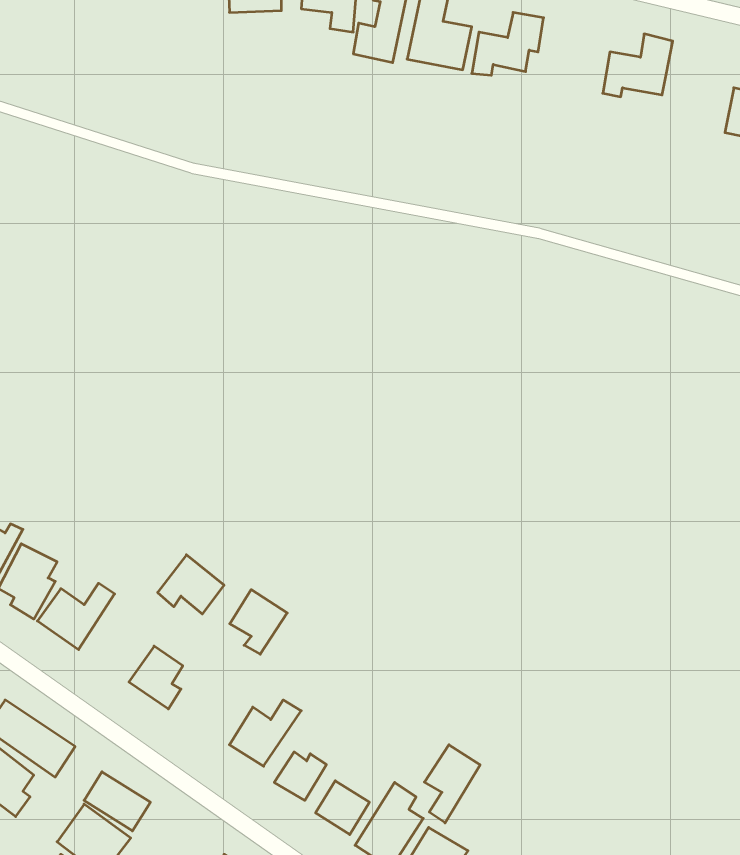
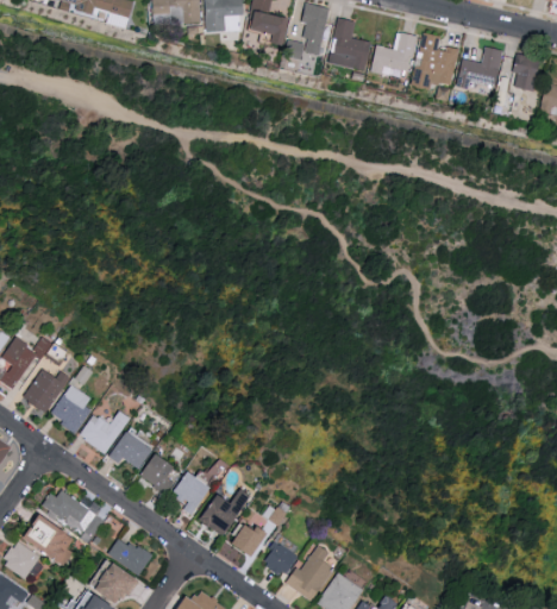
building: none -> [412,33,455,90]
building: none -> [508,52,537,92]
building: [158,555,224,614] -> [108,431,152,470]
building: [230,590,287,654] -> [174,471,212,514]
building: [424,745,480,823] -> none

